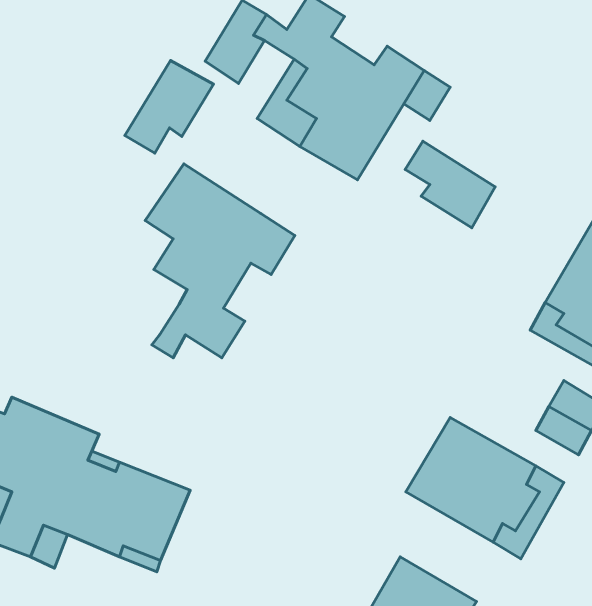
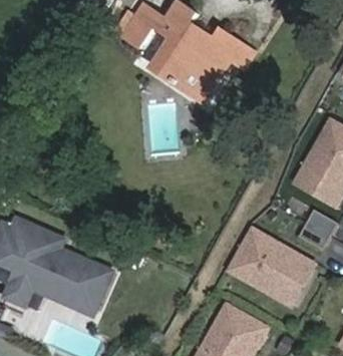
building: [125,61,214,153] -> none
building: [405,141,495,228] -> none
building: [145,164,295,358] -> none

